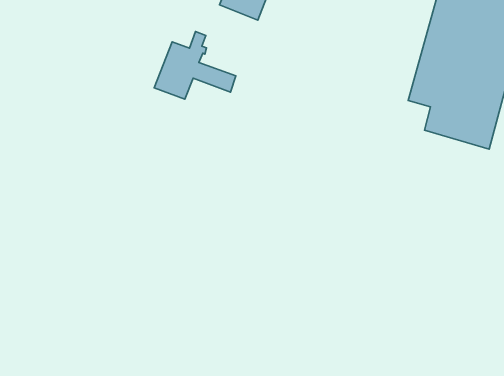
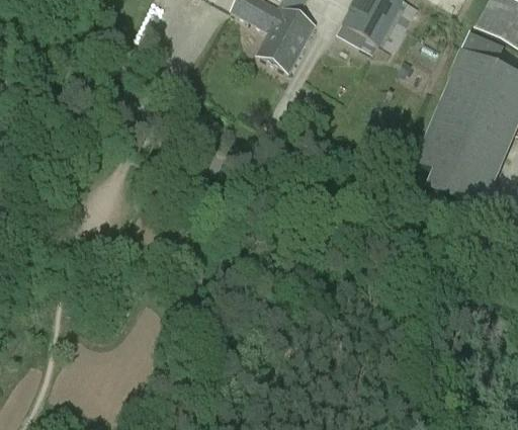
building: [154,31,236,99] -> none

